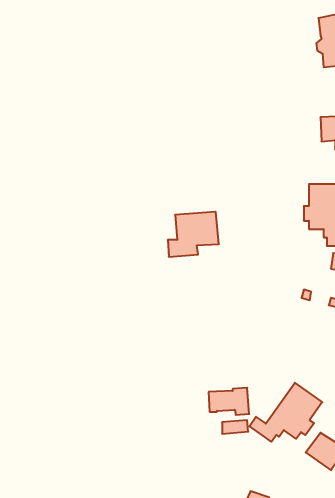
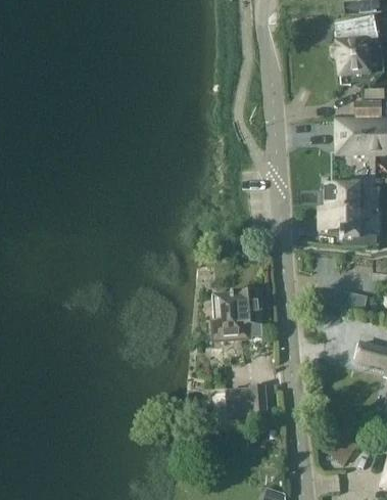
building: [168,212,219,257] -> [213,290,263,334]
building: [249,383,322,442] -> none

